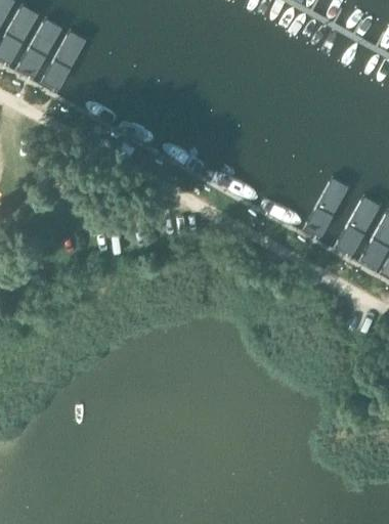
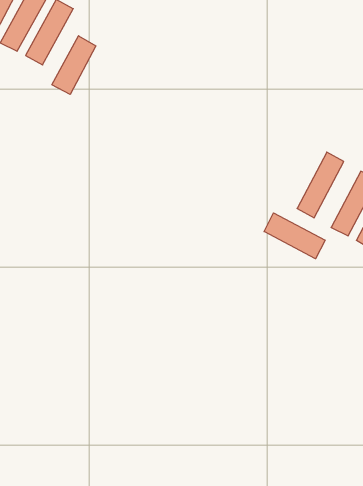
building: none -> [52,36,96,94]
building: none -> [264,213,325,259]

